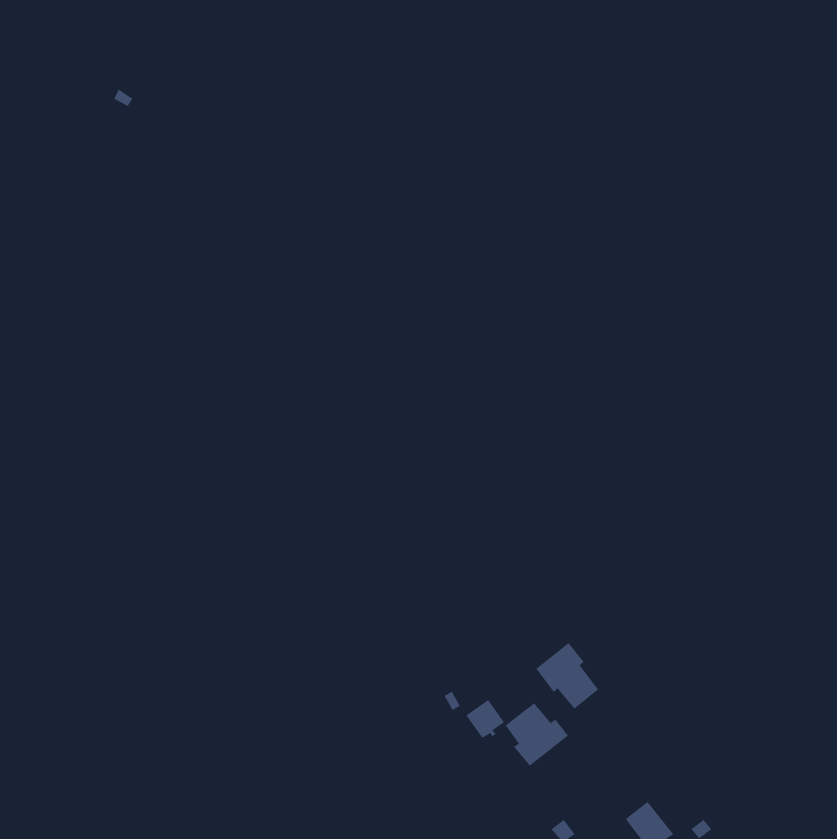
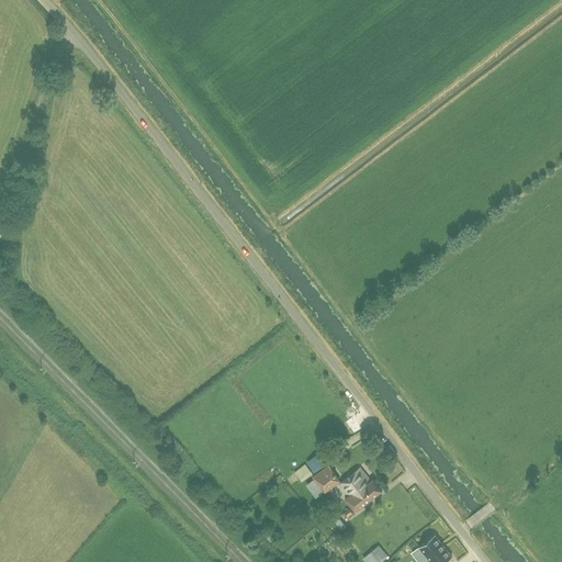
building: [535,642,599,710] -> none

